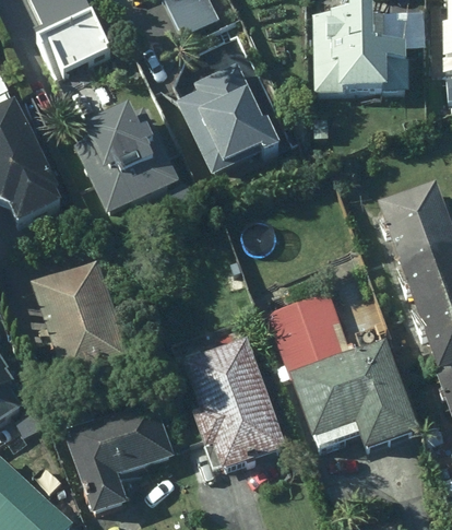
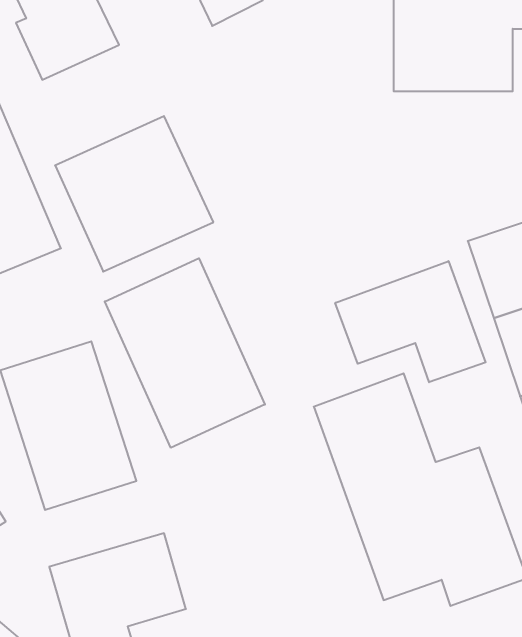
building: [180,50,285,175] -> none
building: none -> [105,258,265,448]
building: none -> [335,261,486,382]
building: [174,341,287,480] -> none

